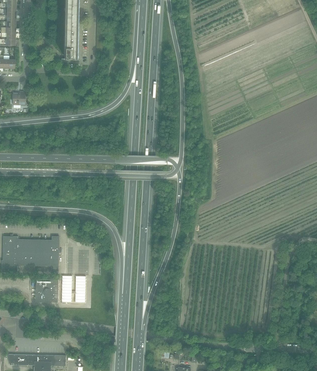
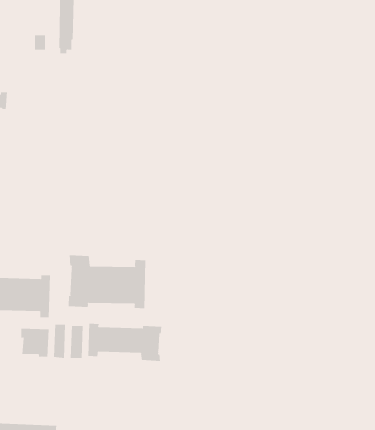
building: none -> [68,255,146,309]
building: none -> [88,323,162,362]

